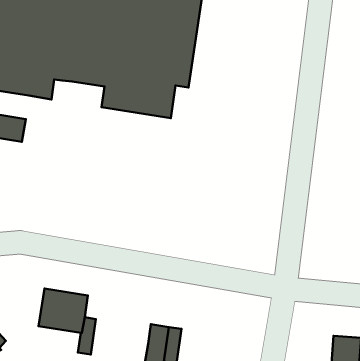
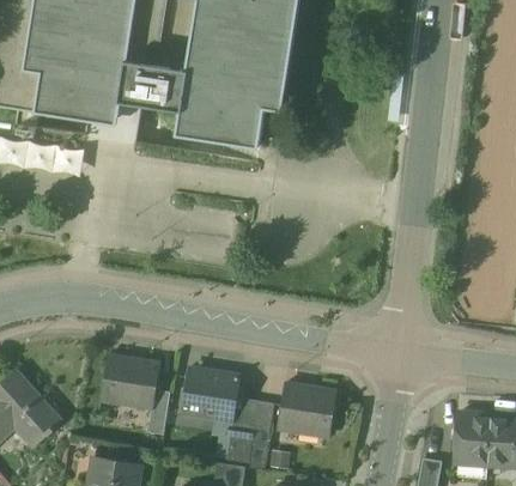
building: none -> [181,367,239,421]
building: none -> [277,383,335,436]

